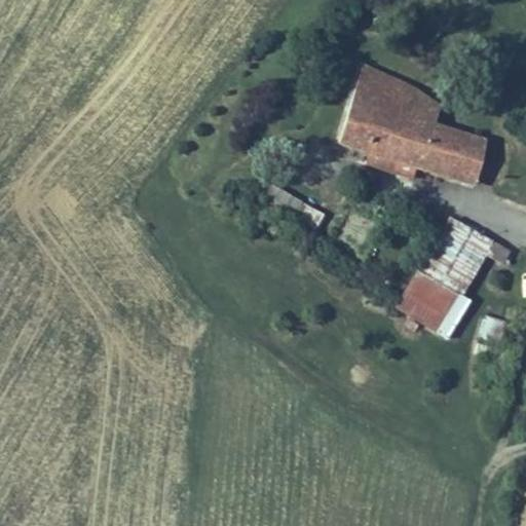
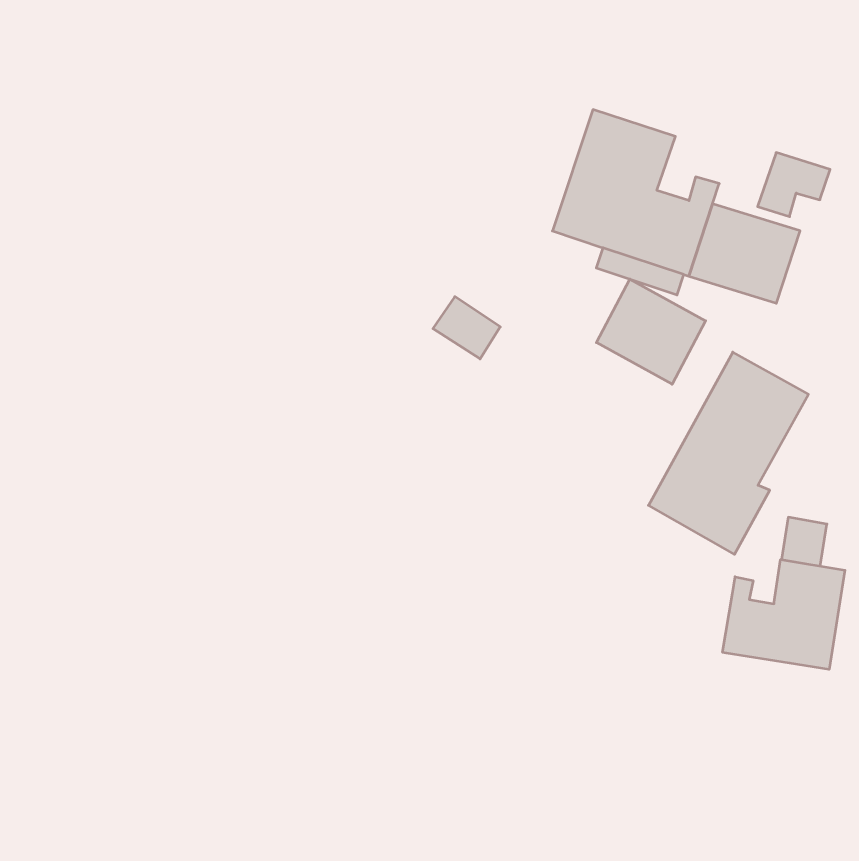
building: [402,83,446,122] -> [758,153,830,217]
building: none -> [596,279,706,384]
building: none -> [723,560,845,669]

